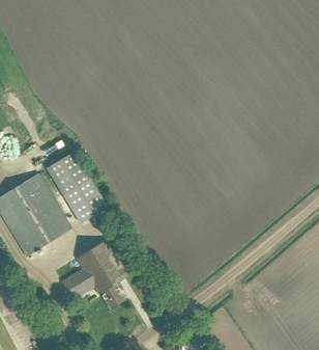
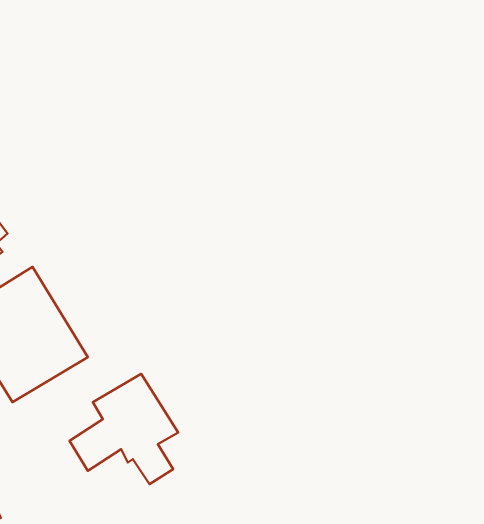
building: [46,152,108,224] -> none

